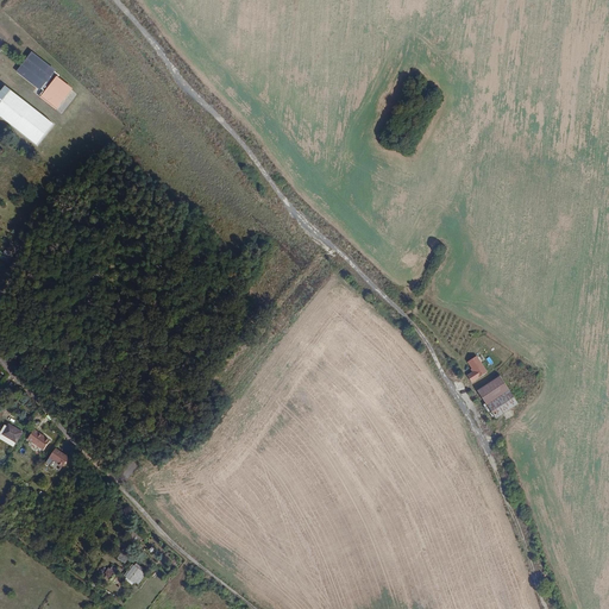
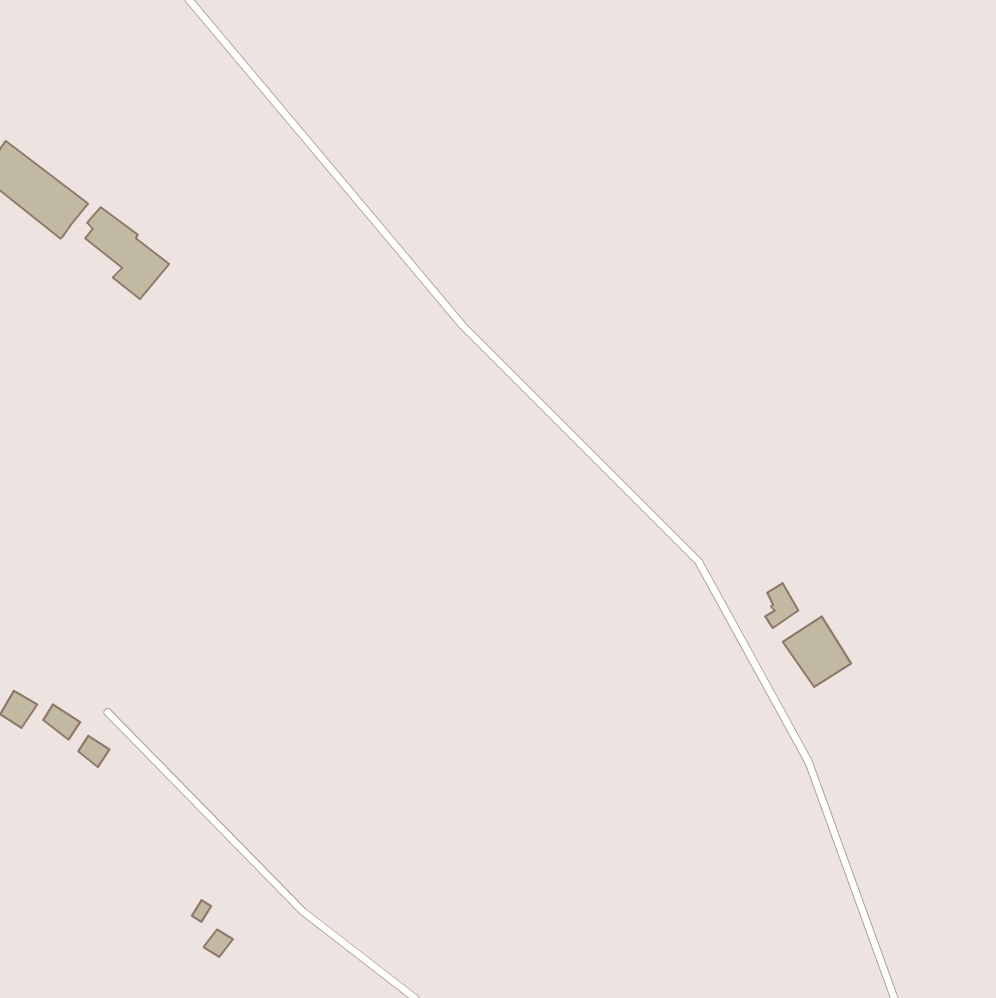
building: [21,52,73,108] -> [85,207,169,299]

